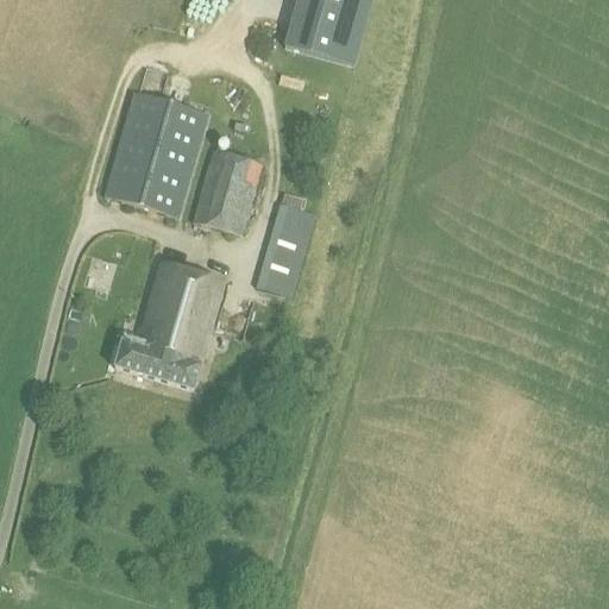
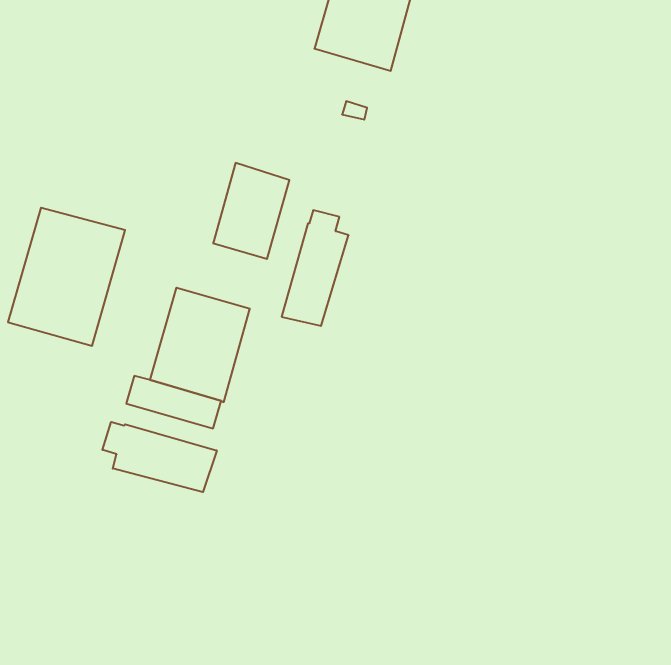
building: [103,92,209,216] -> [8,208,125,346]
building: none -> [102,422,217,492]

